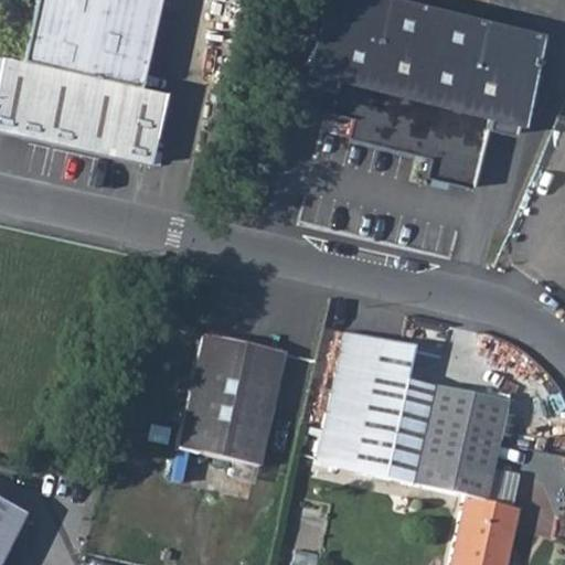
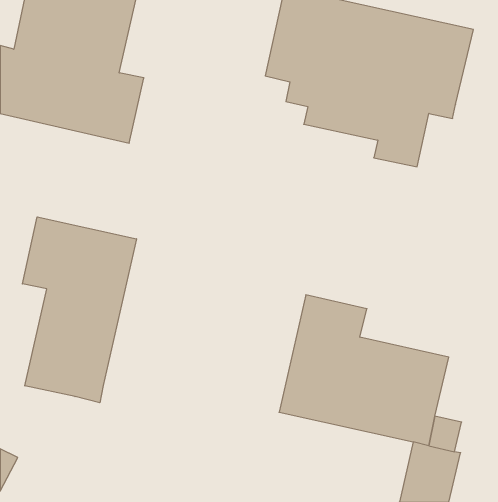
building: none -> [22,217,136,403]
building: [181,332,287,463] -> none

